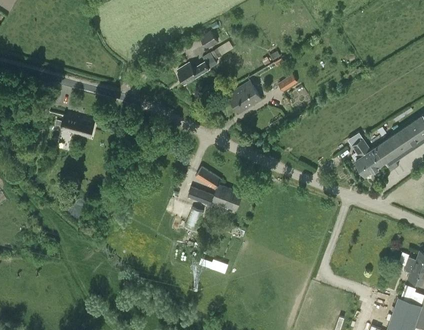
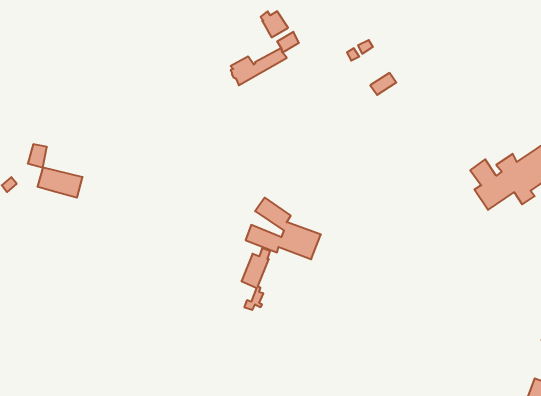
building: [228,81,260,113] -> none
building: [61,117,94,139] -> [37,167,83,198]

